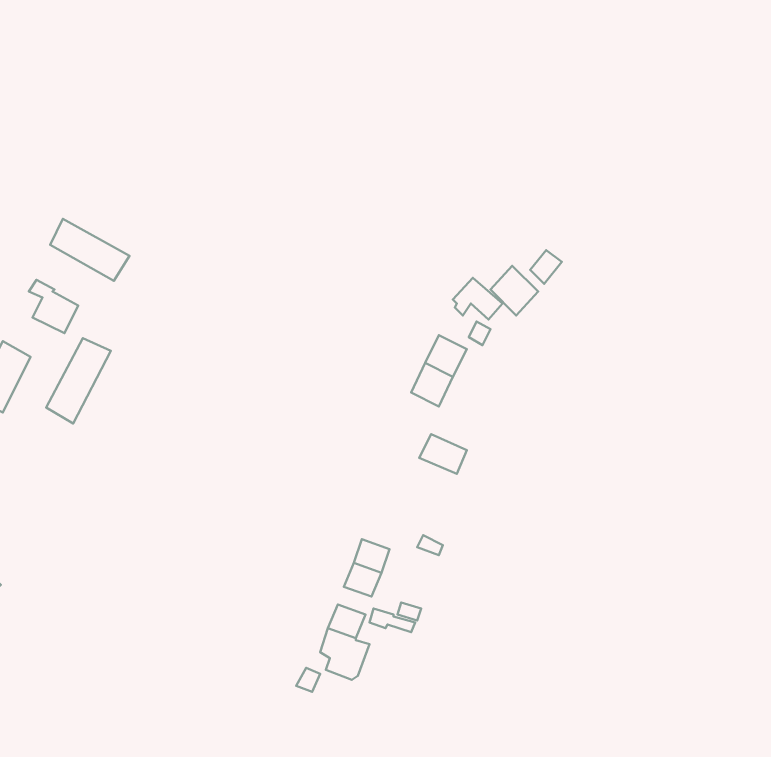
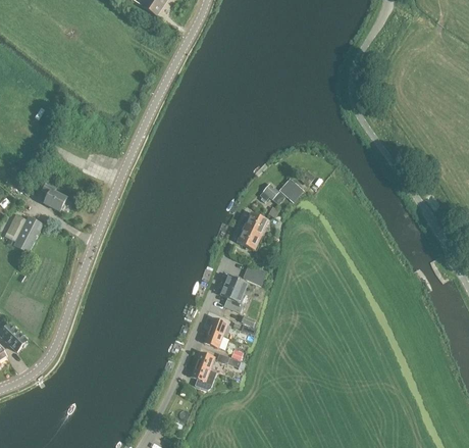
building: [50,219,130,281] -> none
building: [46,338,111,423] -> none
building: none -> [219,275,247,312]

